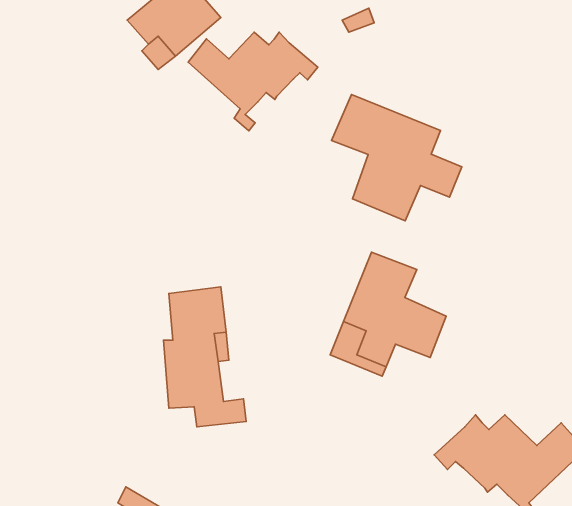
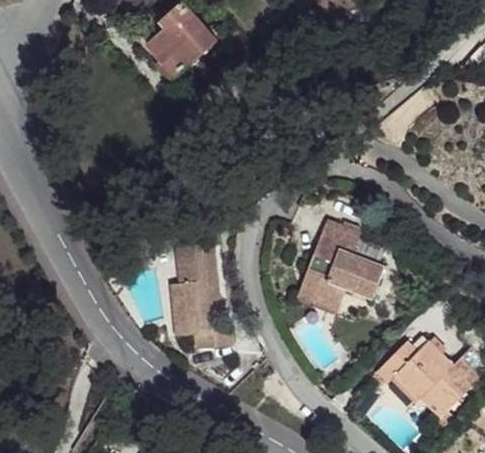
building: [188,32,318,131] -> none
building: [331,94,462,221] -> none

